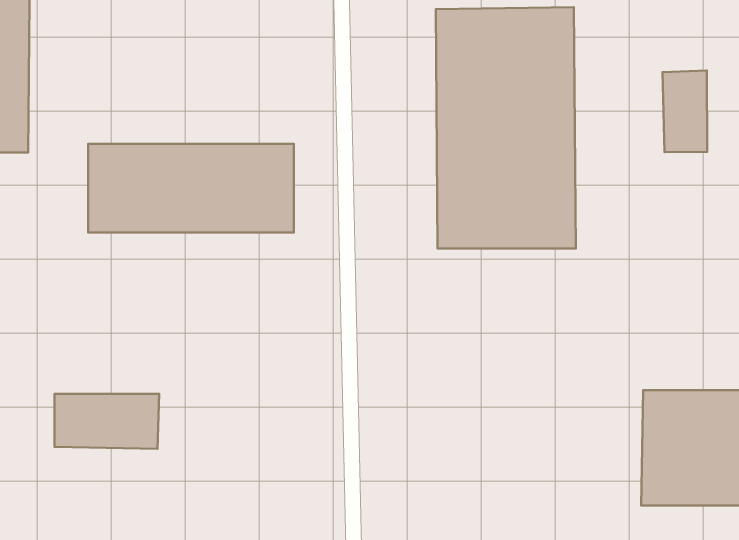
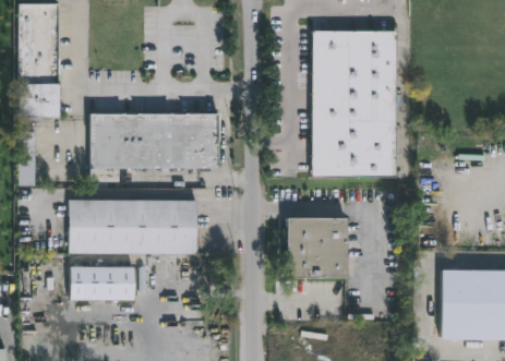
building: [662,71,707,152] -> none
building: none -> [70,200,199,254]
building: none -> [291,218,351,278]

